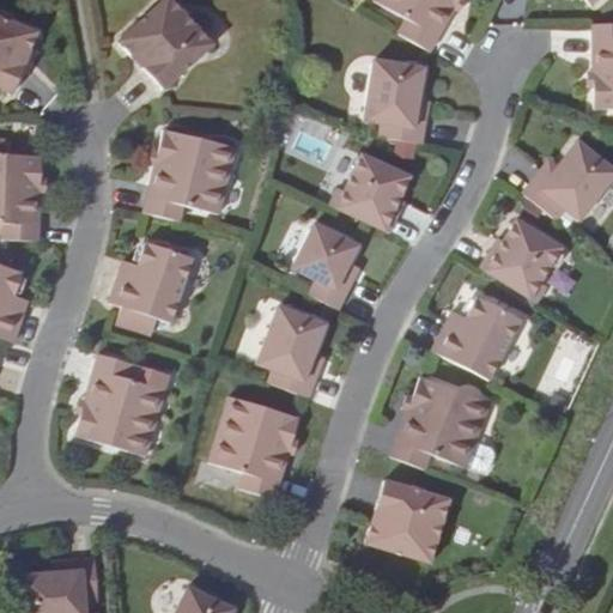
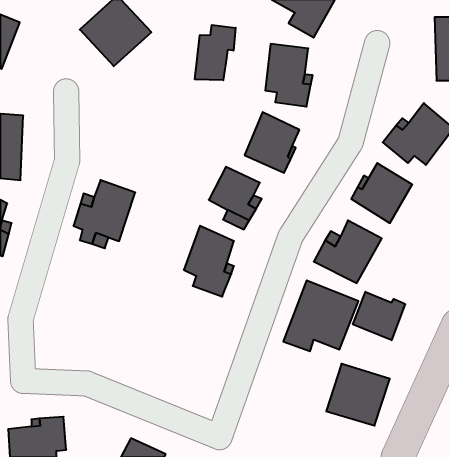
building: none -> [195,25,236,80]
building: [144,129,236,220] -> none
building: [74,352,165,455] -> none
building: none -> [353,292,405,340]
building: [211,395,301,498] -> none
building: [365,479,450,562] -> [326,364,390,426]

